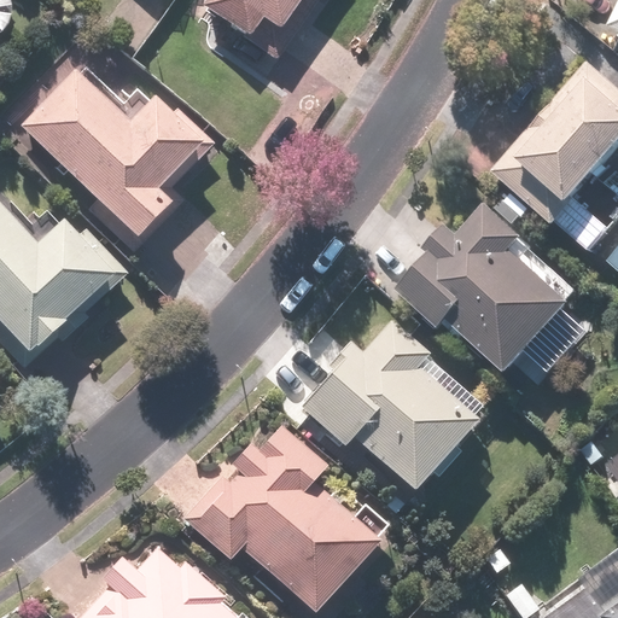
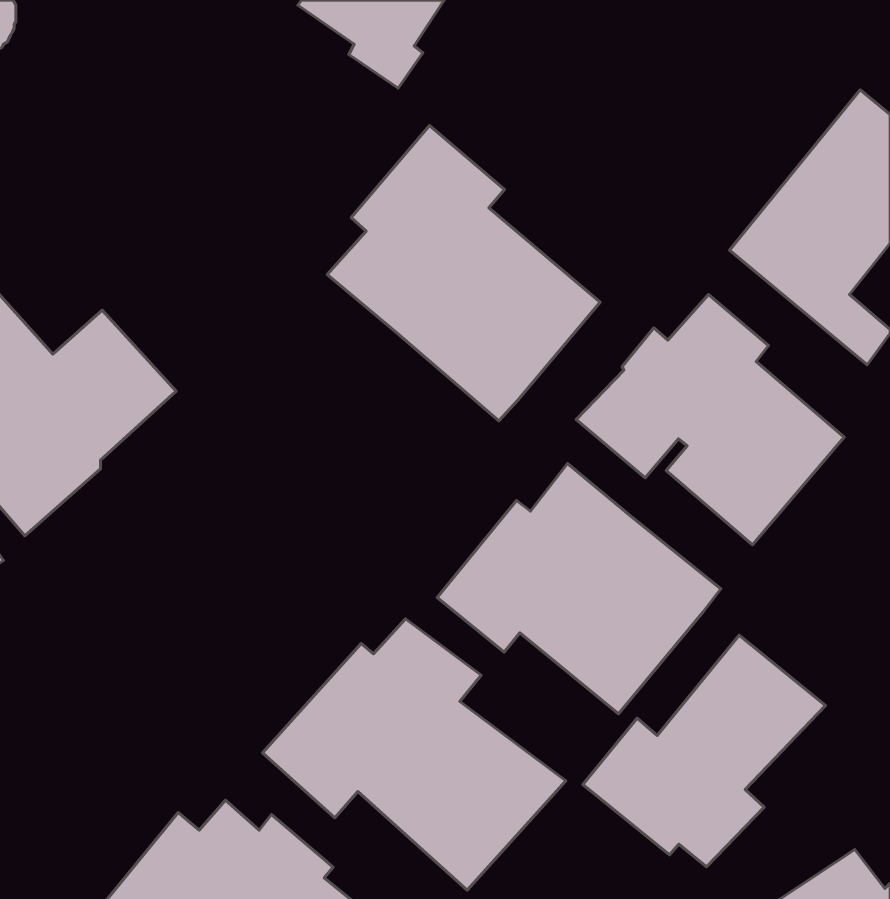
building: [17,68,206,255] -> none
building: none -> [327,125,600,421]
building: none -> [583,635,826,867]

